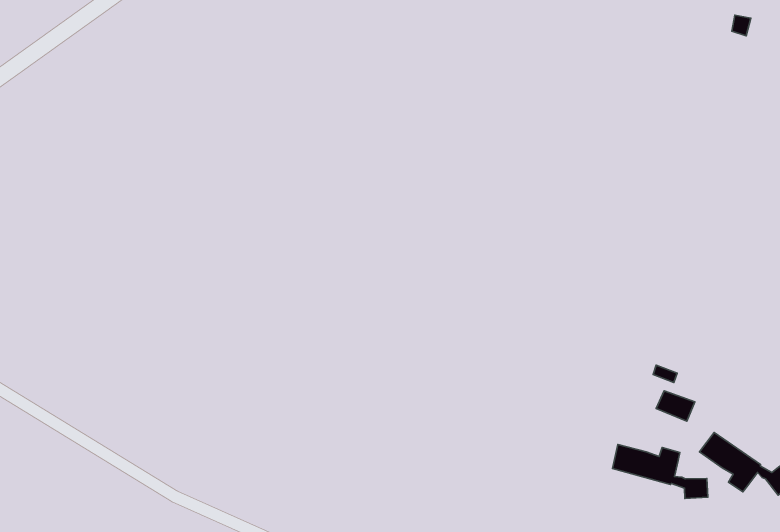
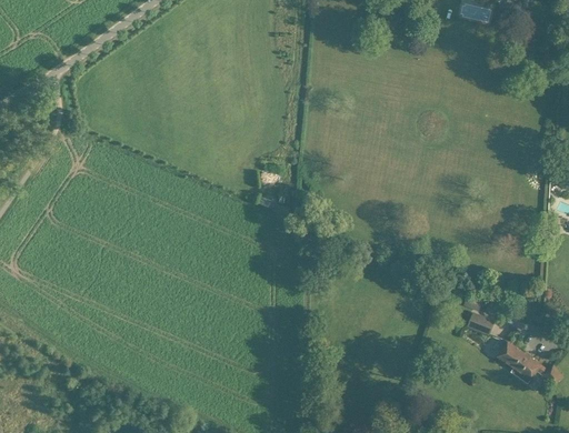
building: [613,444,708,499] -> none

